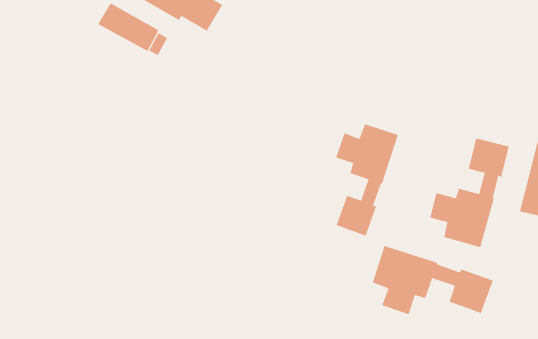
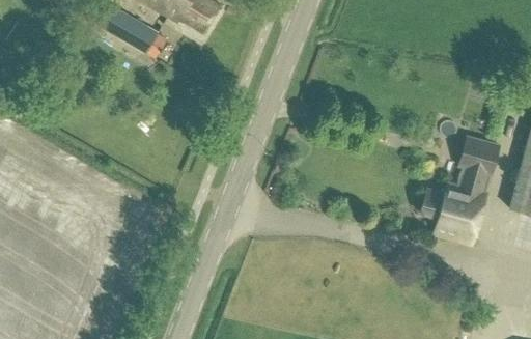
building: [335,124,398,236] -> none
building: [372,245,493,315] -> none

